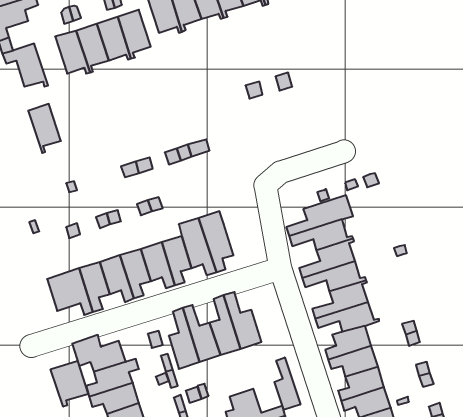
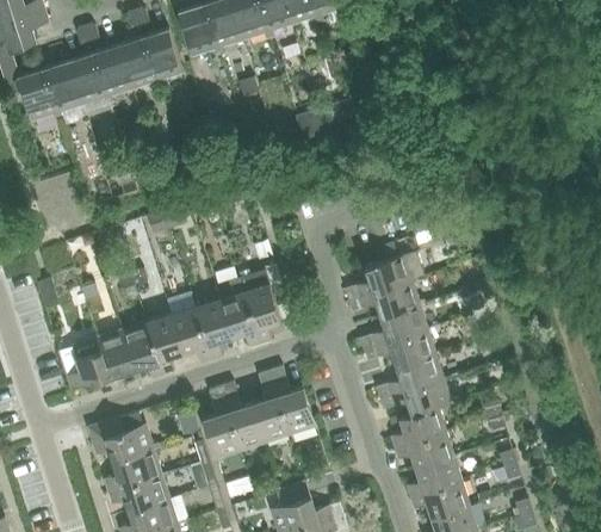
building: [28,104,61,153] -> [43,61,82,119]
building: [274,357,300,410] -> none
building: [51,361,88,407] -> none

